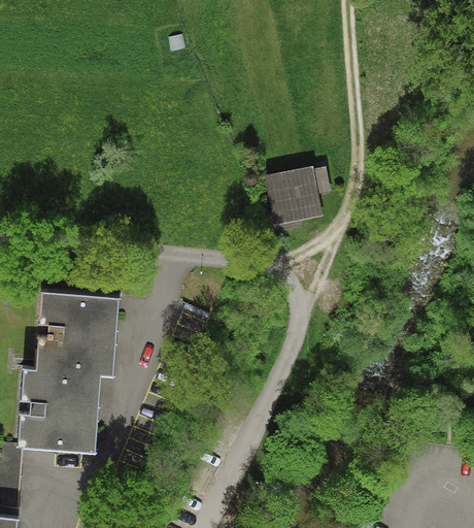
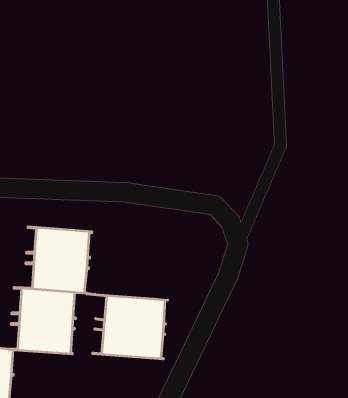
building: [266,171,326,226] -> none
building: none -> [87,293,168,359]

